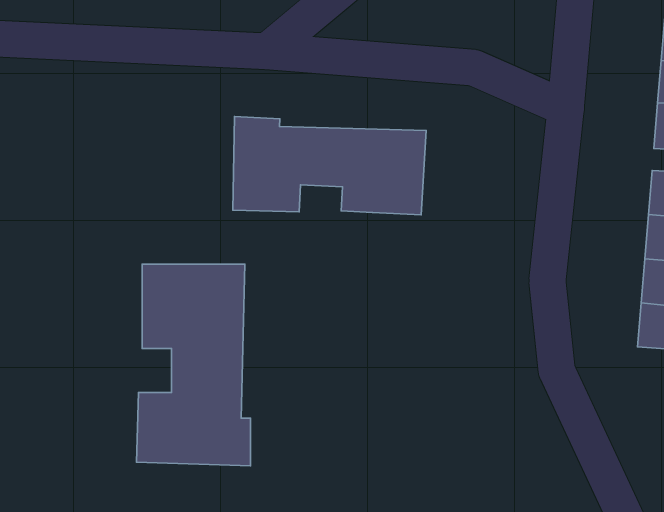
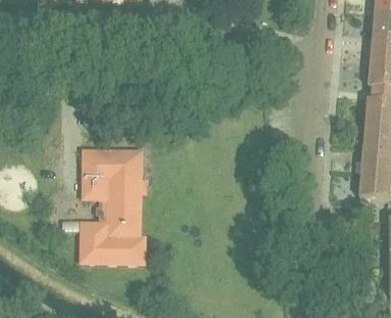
building: [233,117,426,215] -> none

